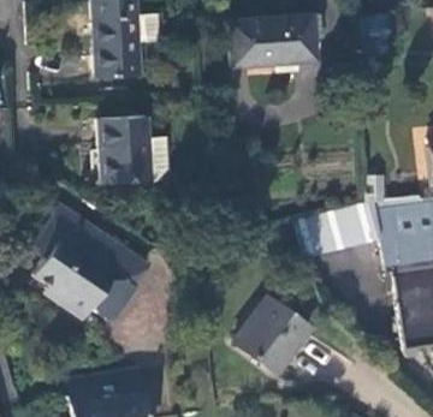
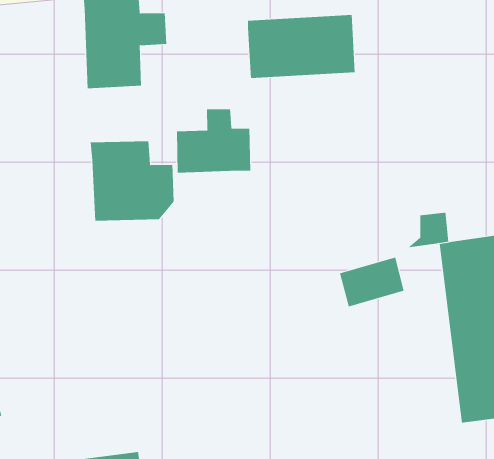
building: none -> [176,108,251,173]
building: [30,202,146,320] -> none
building: [239,293,316,370] -> none

